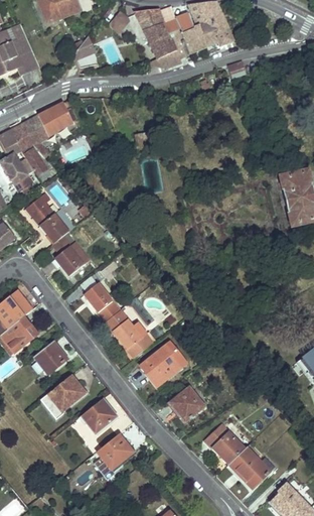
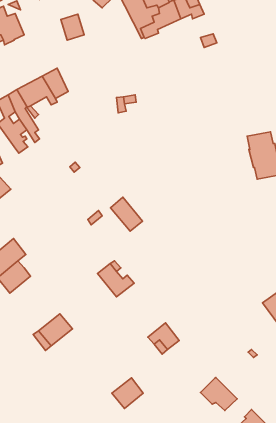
building: [26,196,75,241] -> none
building: [55,240,92,274] -> none
building: [84,281,120,319] -> [110,197,143,231]
building: [34,341,66,373] -> none
building: [141,346,180,385] -> none
building: [81,398,116,433] -> none
building: [206,424,245,464] -> none
building: [97,434,132,469] -> [112,378,143,408]

